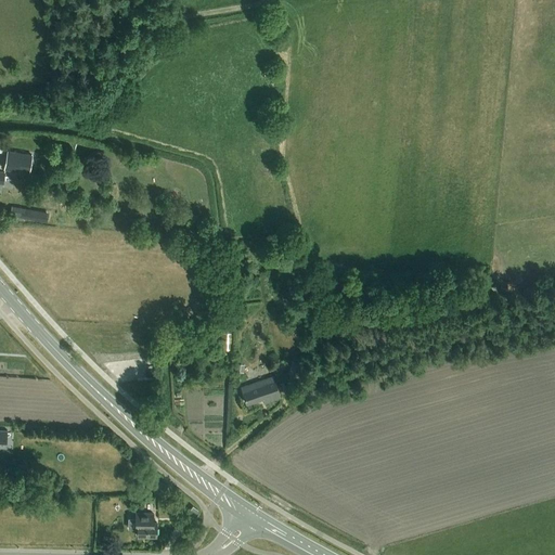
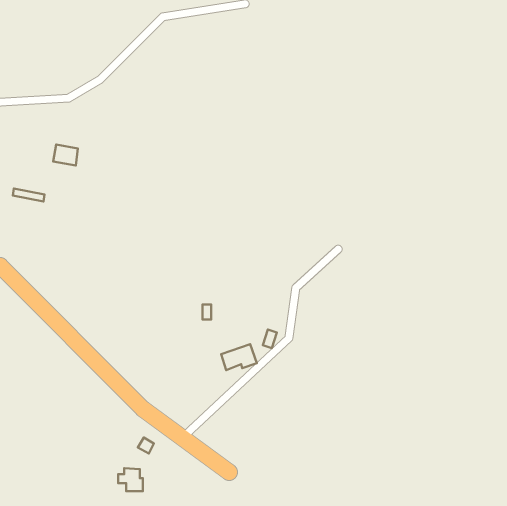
building: [4,152,31,175] -> [53,145,78,165]

